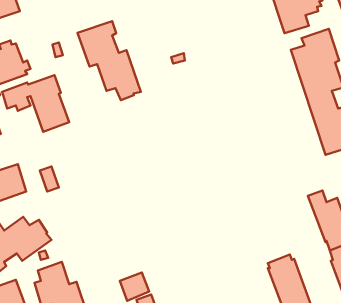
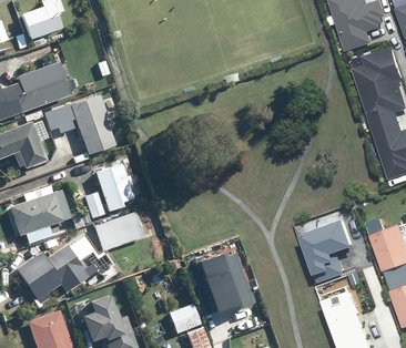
building: [77,21,141,100] -> none
building: none -> [94,162,132,211]
building: none -> [92,212,149,252]
building: none -> [296,221,349,284]
building: none -> [200,253,256,313]

